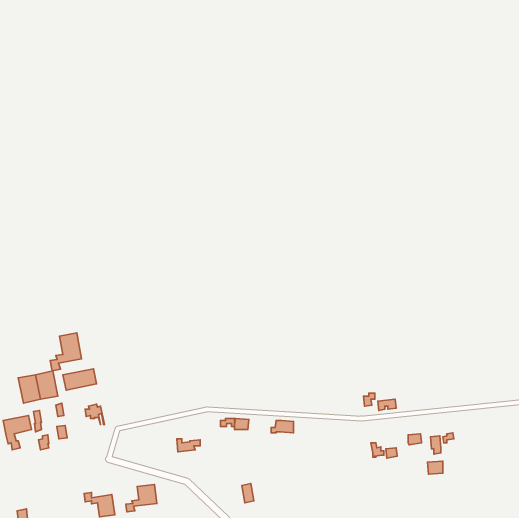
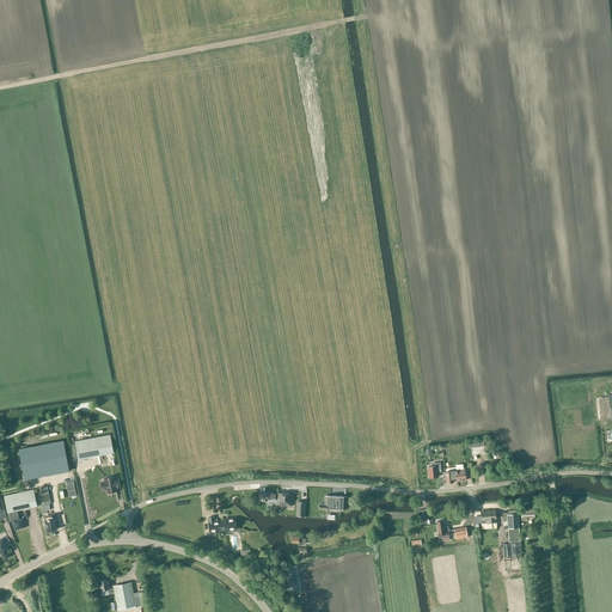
building: [50,333,82,371] -> none
building: [126,484,157,512] -> none

